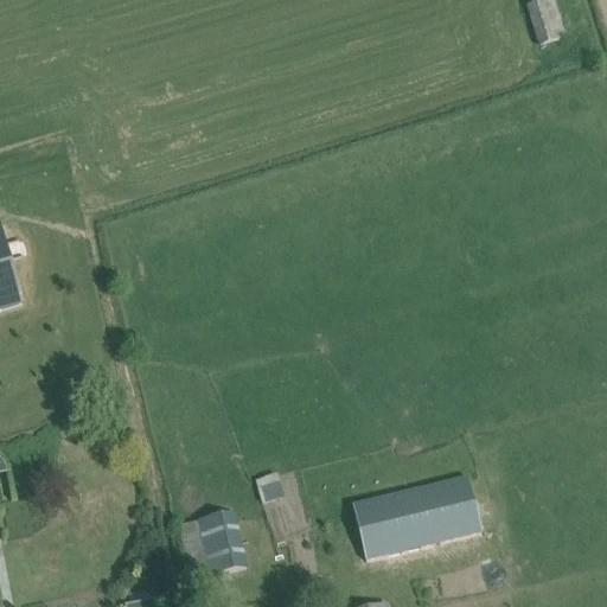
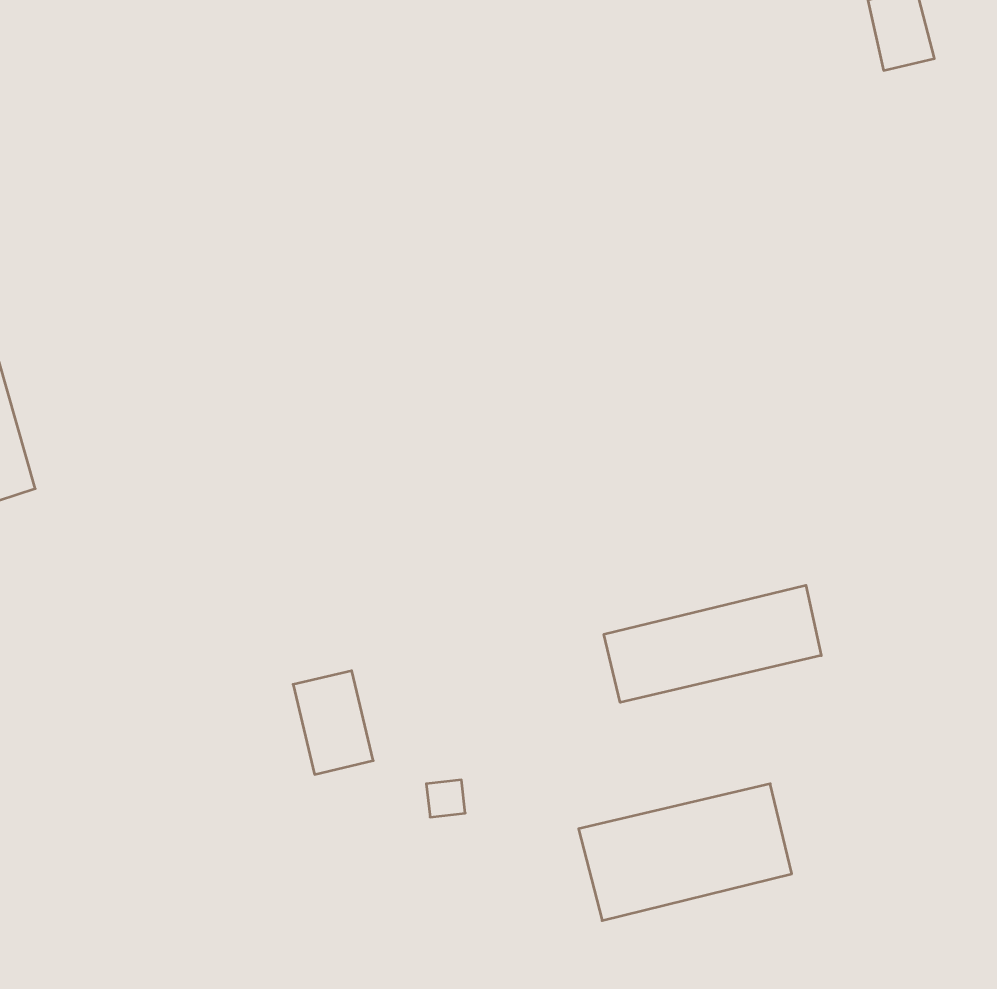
building: none -> [604,585,821,702]
building: [197,510,245,573] -> [293,671,373,774]

